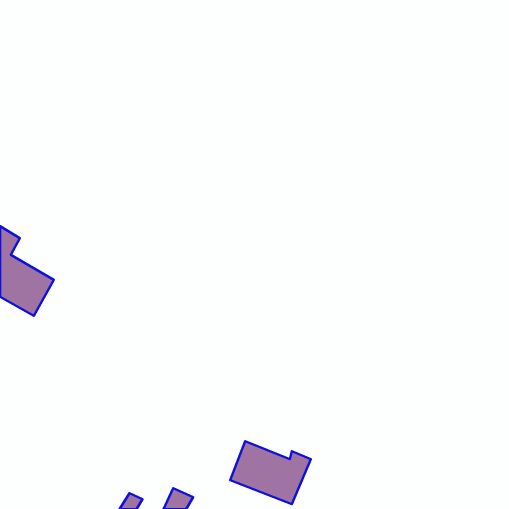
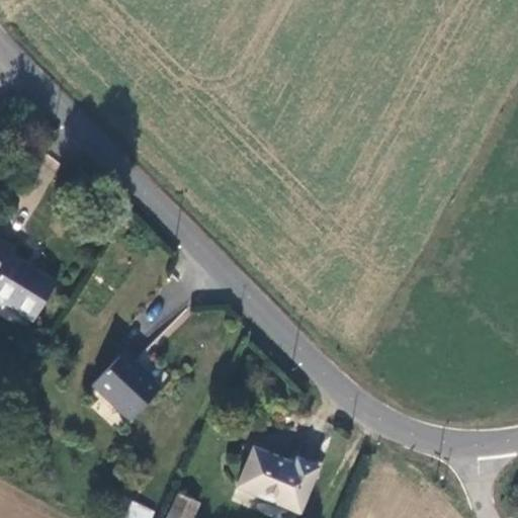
building: none -> [92,352,161,423]

